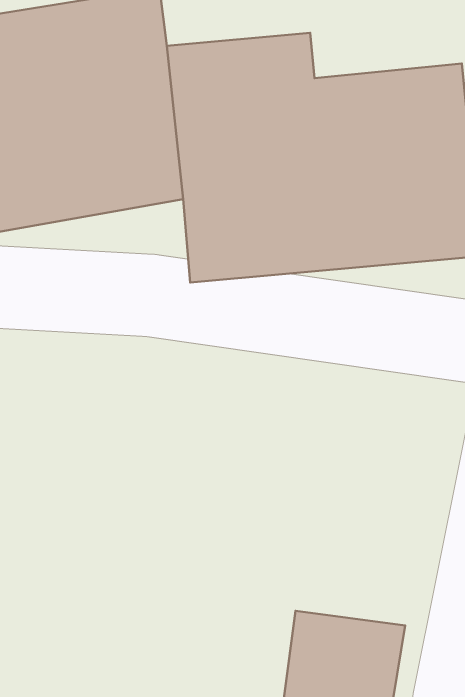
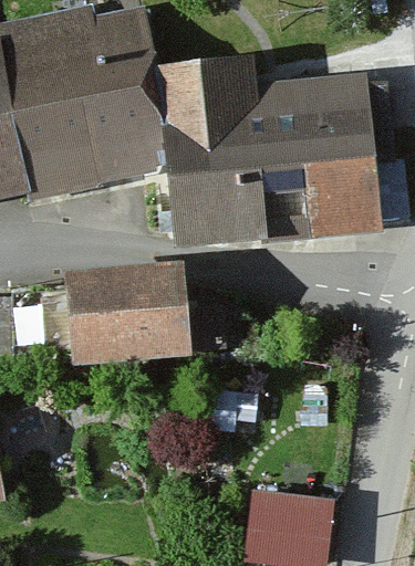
building: none -> [62,268,188,369]

